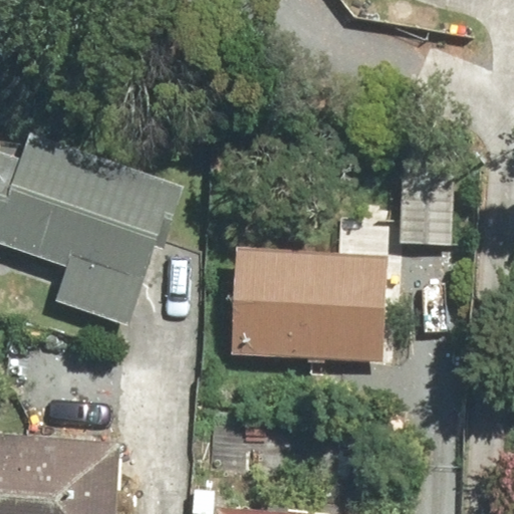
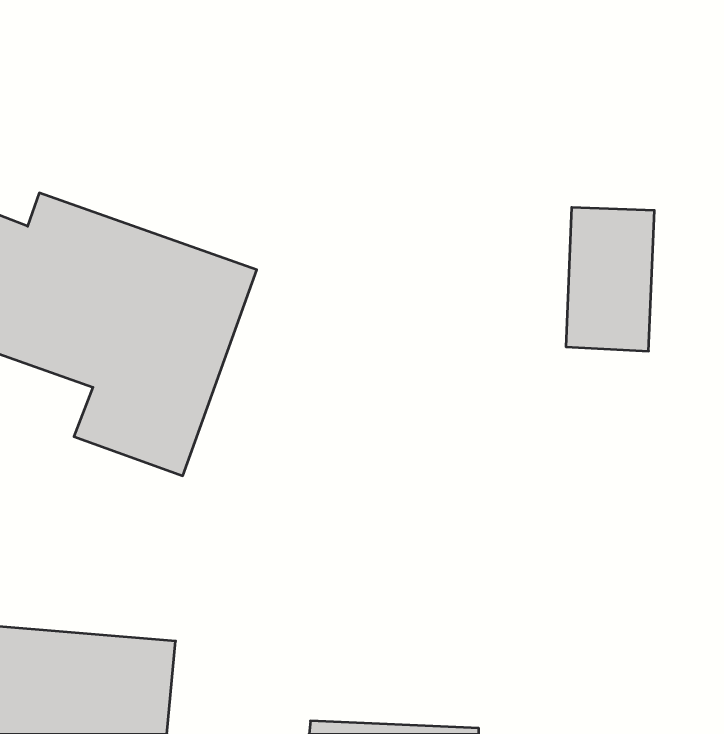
building: [236,243,388,363] -> none

